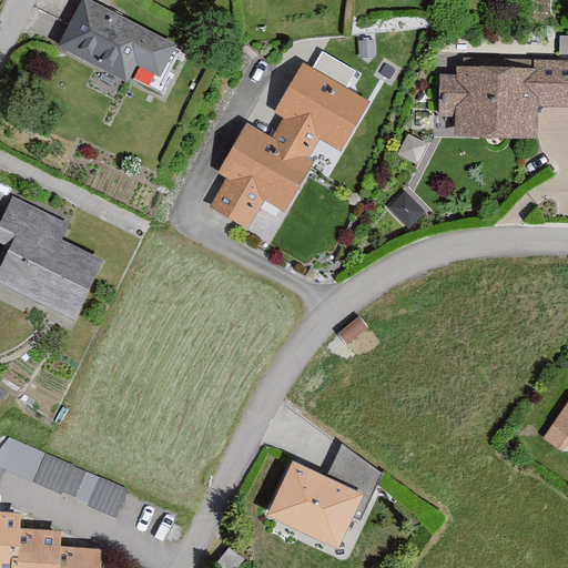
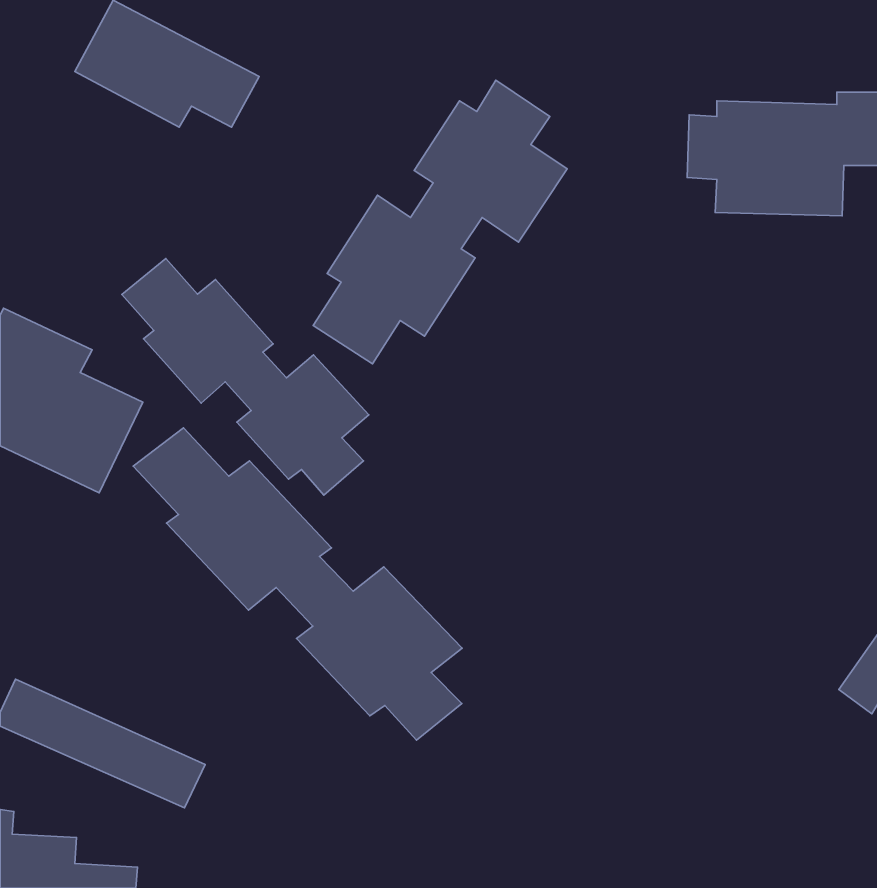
building: none -> [122,258,369,495]
building: none -> [133,428,462,740]
building: [261,446,381,552] -> none

